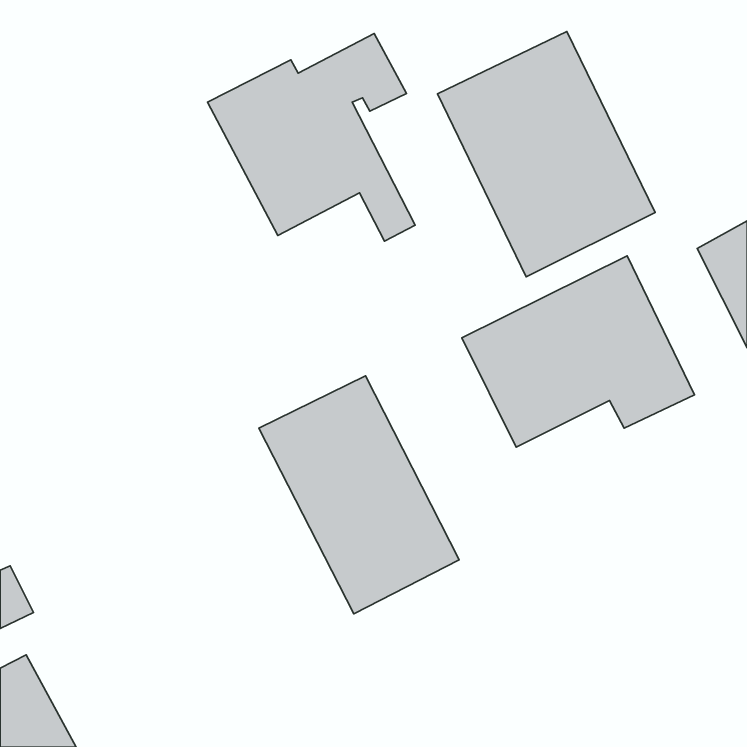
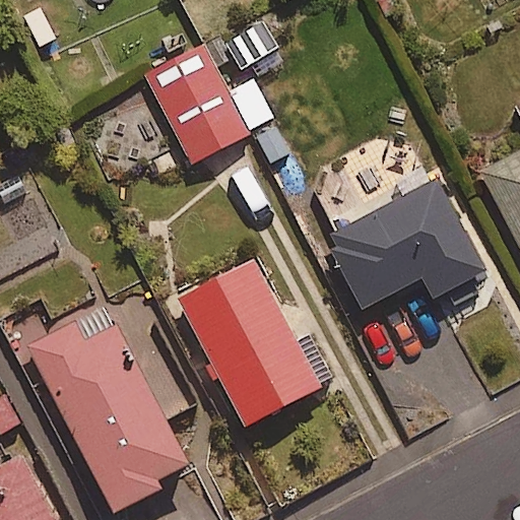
building: [438,31,655,277] -> none
building: none -> [25,303,192,513]

